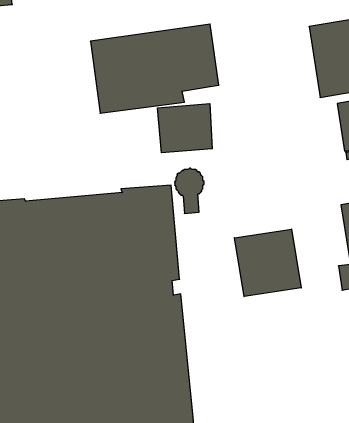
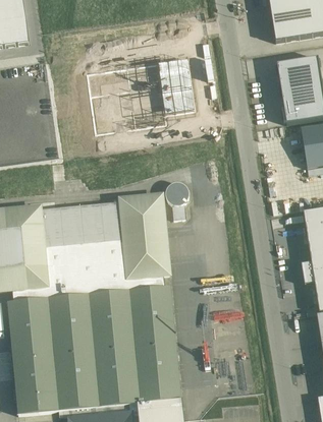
building: [158,104,212,153] -> none
building: [234,229,301,297] -> none

